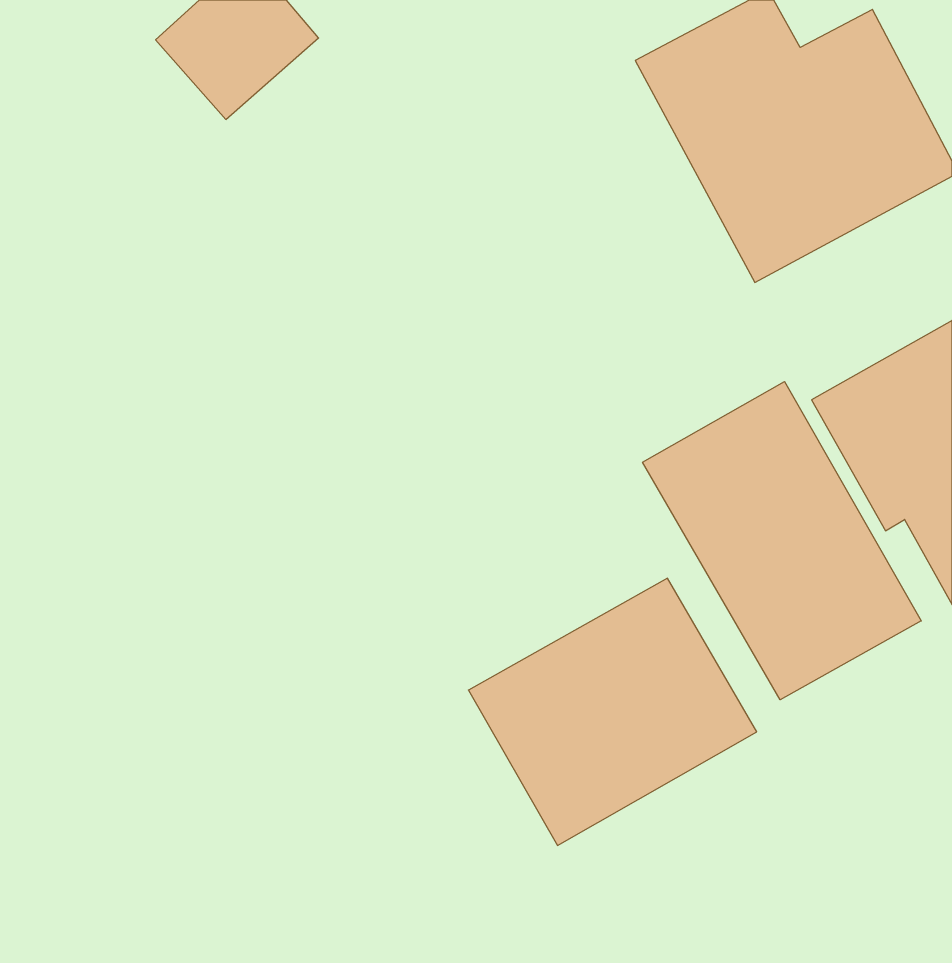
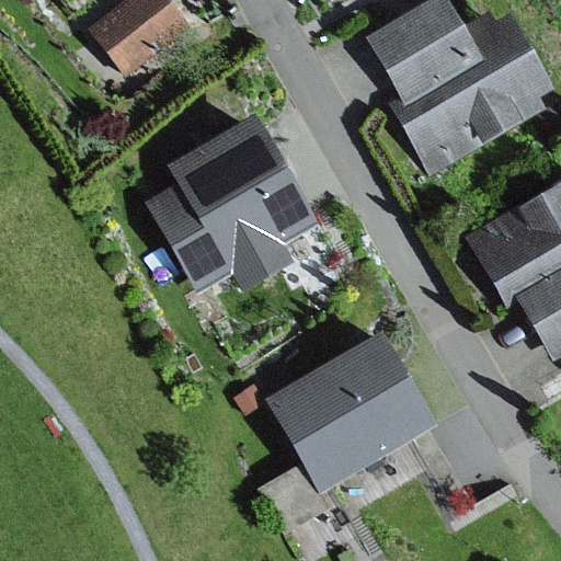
building: none -> [148,114,319,289]
building: [643,382,921,700] -> none

